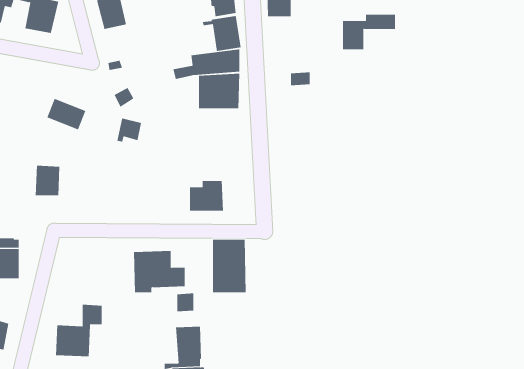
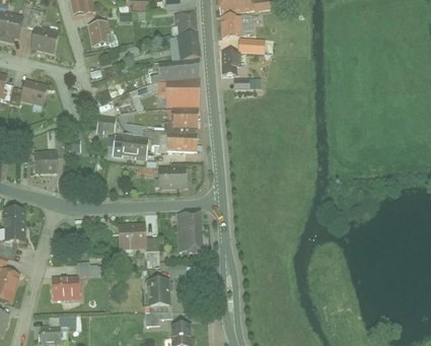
building: [342,14,396,50] -> [221,45,264,73]
building: [47,98,86,130] -> [14,80,46,106]
building: none -> [173,110,198,128]
building: none -> [167,133,198,152]
building: none -> [112,136,149,160]

